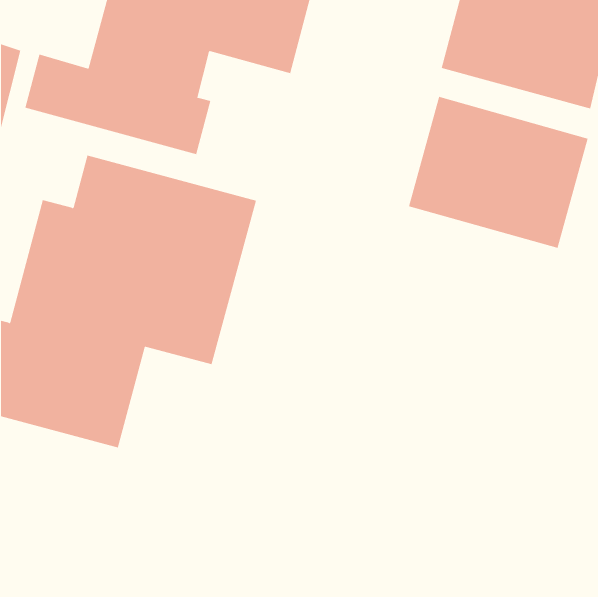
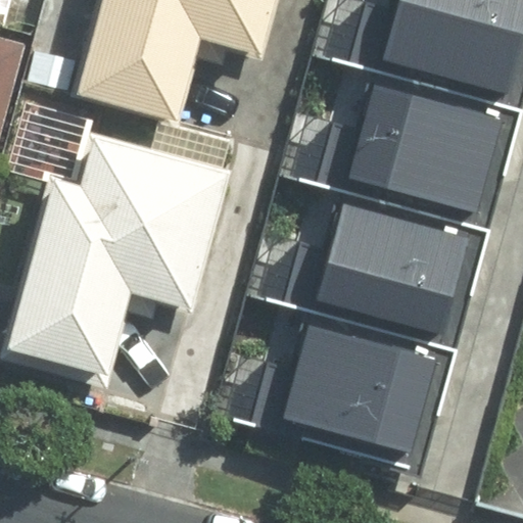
building: none -> [321,202,478,335]
building: none -> [285,319,442,450]

